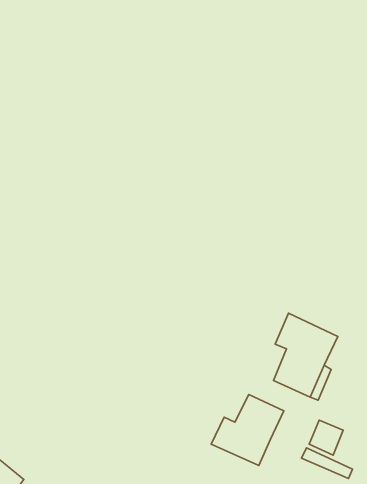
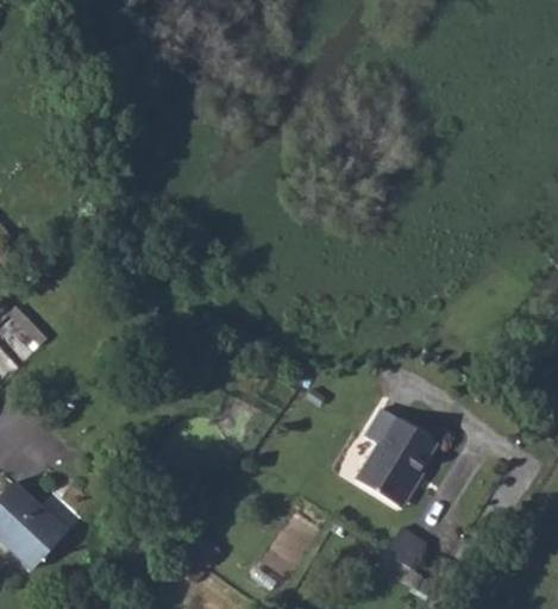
building: [211,395,284,465] -> none

